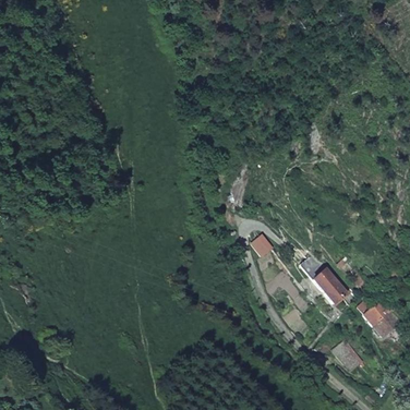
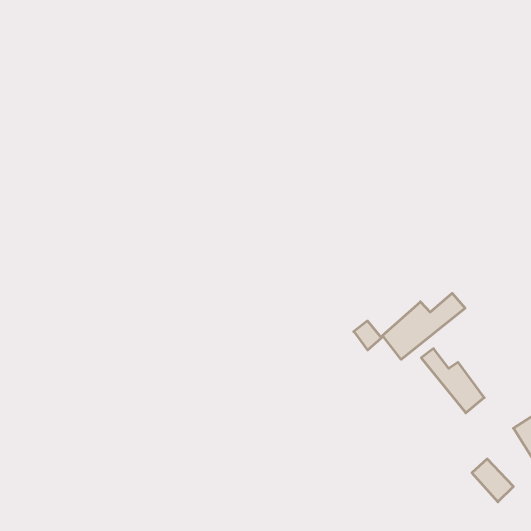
building: none -> [383,293,465,359]

